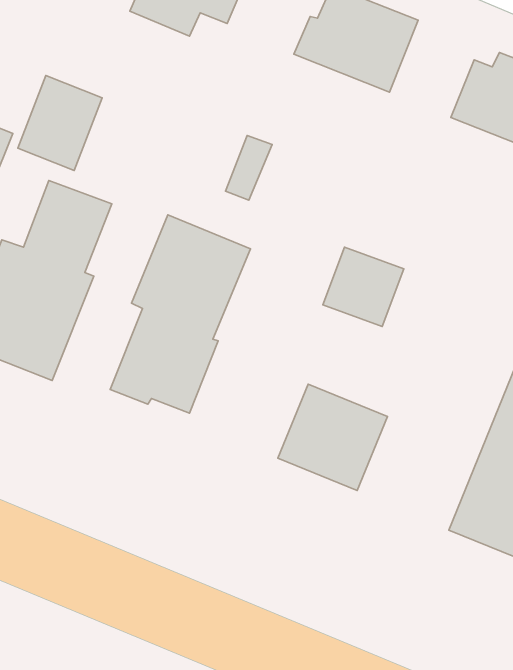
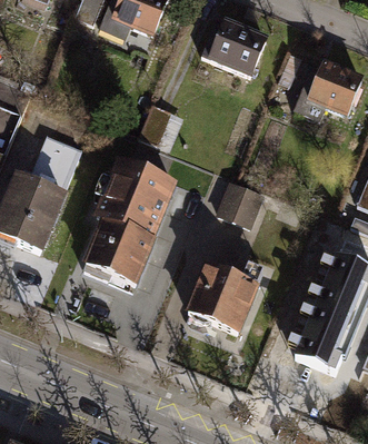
building: [18,75,102,171] -> none

